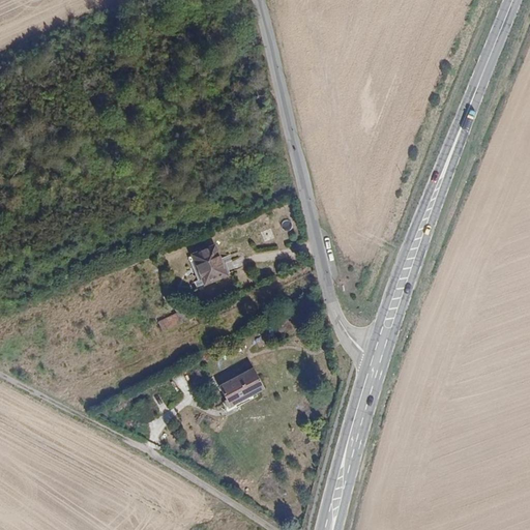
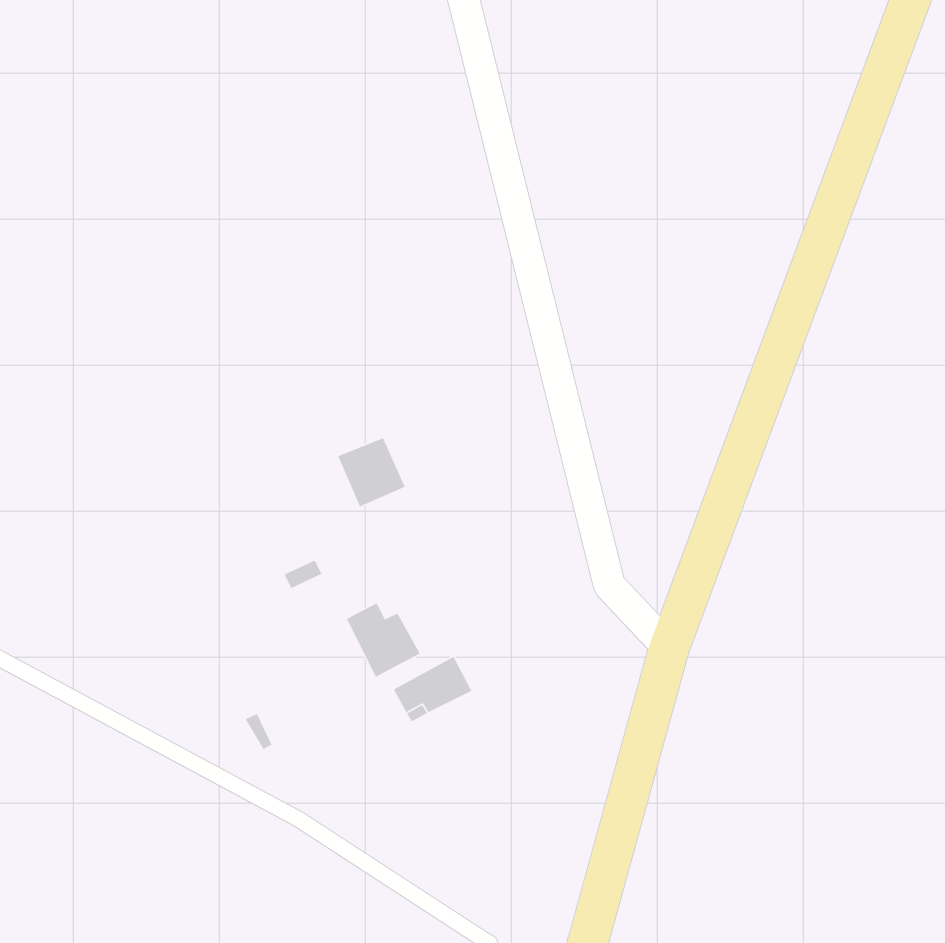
building: none -> [346,602,421,678]

